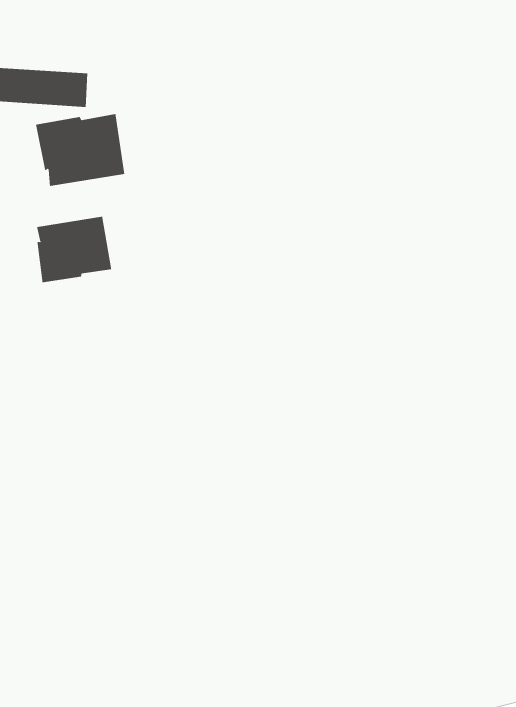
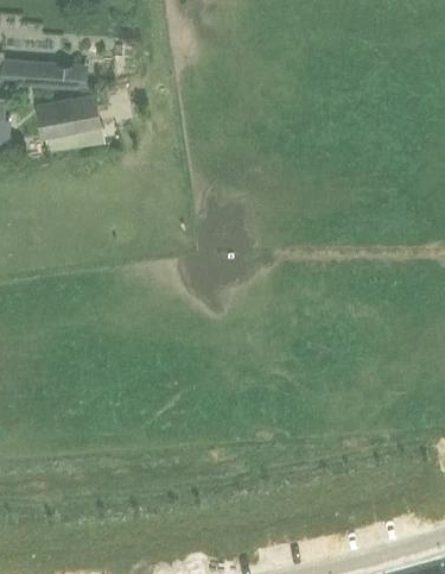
building: [36,216,112,283] -> none

